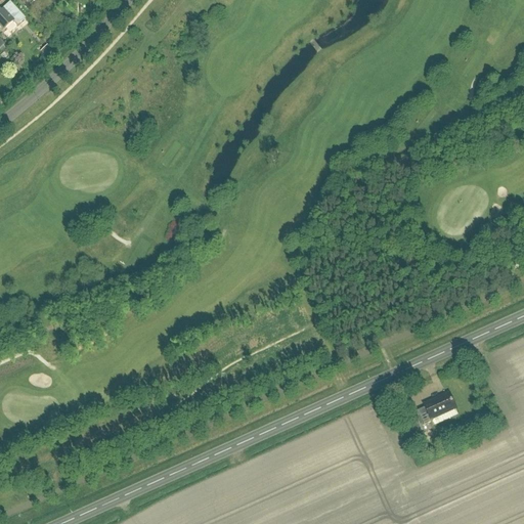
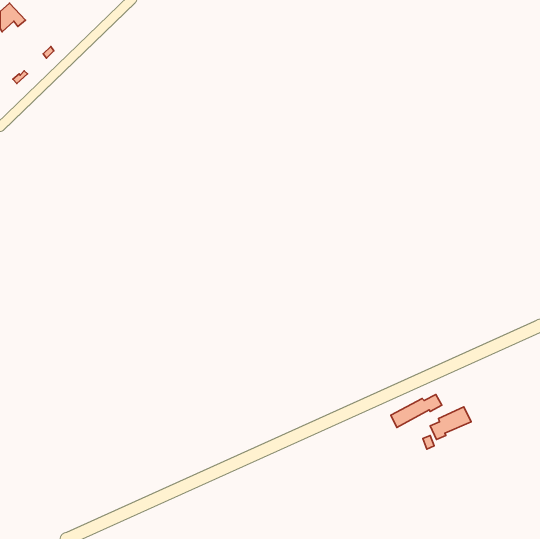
building: none -> [391,394,442,427]

